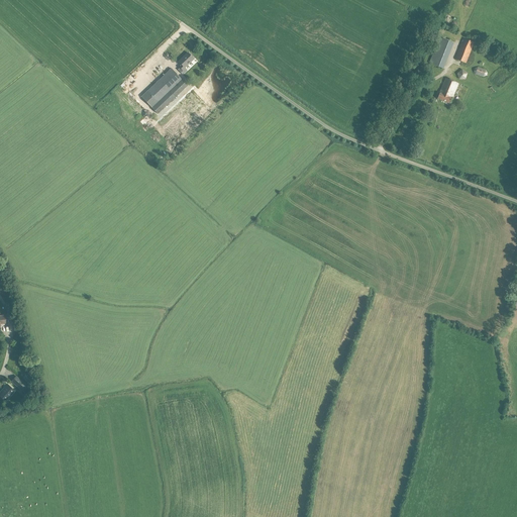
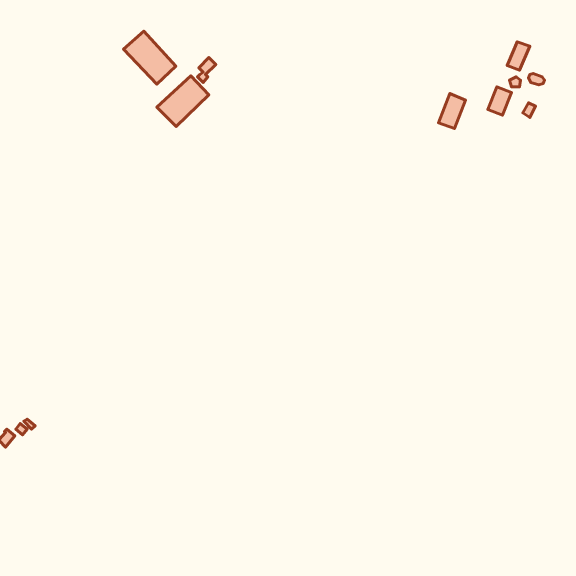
building: none -> [123,31,176,84]
building: [428,36,452,68] -> [439,93,466,128]

